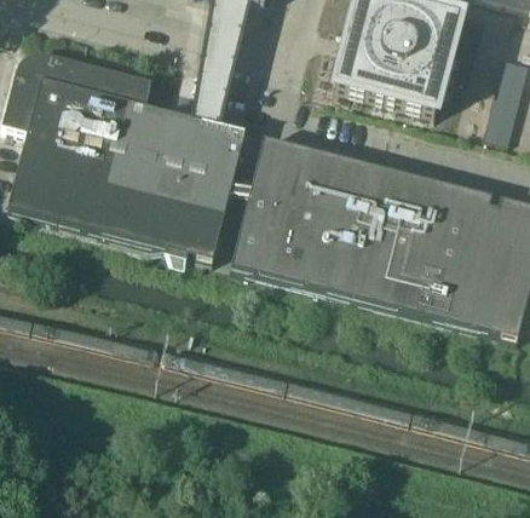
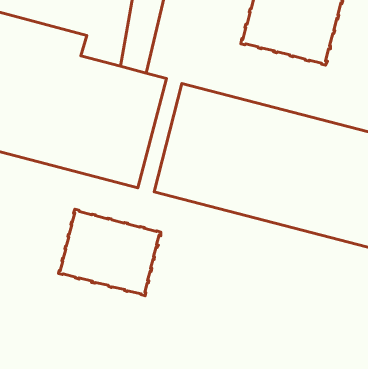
building: none -> [58,209,161,296]

